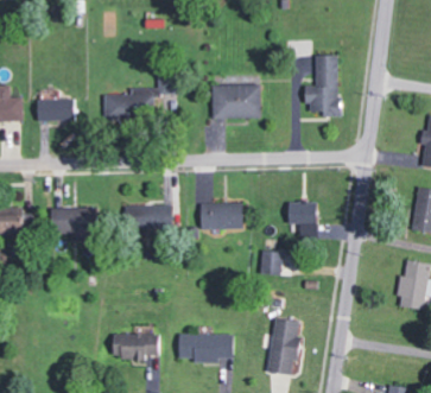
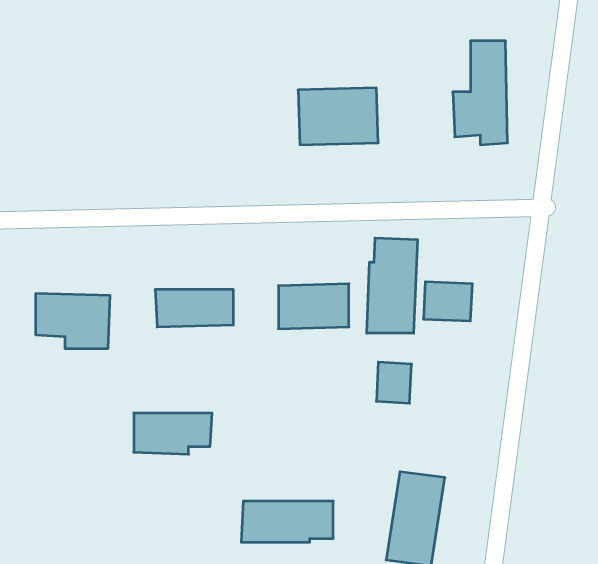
building: [103,74,177,119] -> none
building: [38,89,75,121] -> none
building: none -> [367,238,418,333]
building: [113,332,160,357] -> [134,413,212,454]

